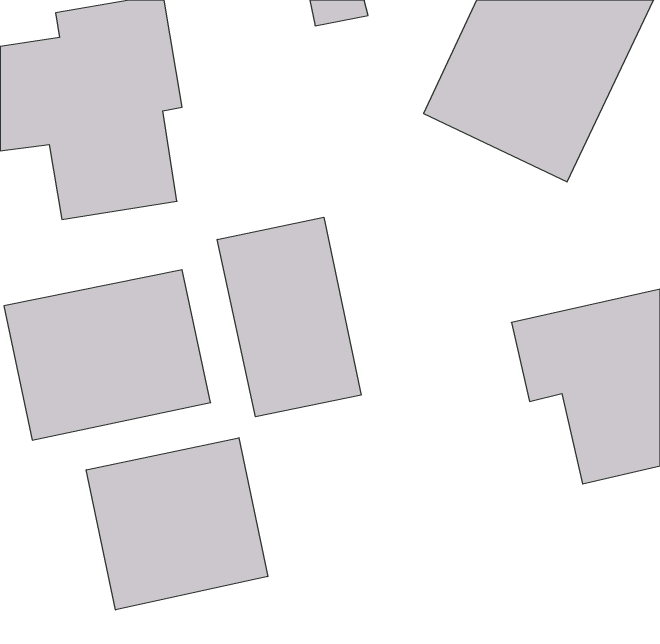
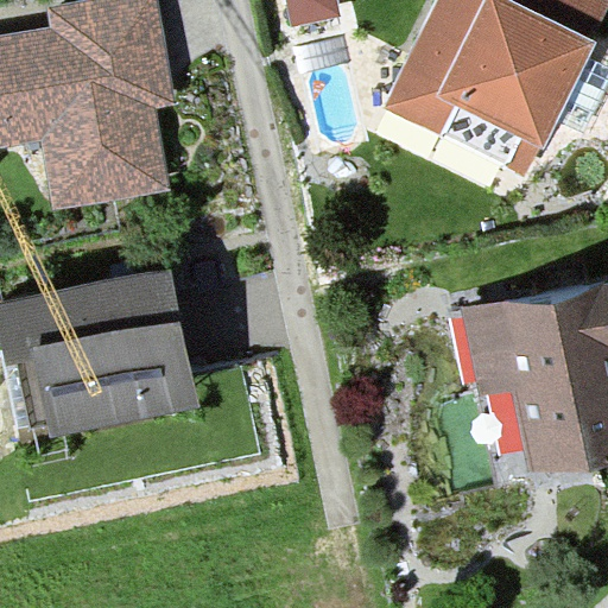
building: [217,217,361,417] -> none
building: [86,438,268,610] -> none

